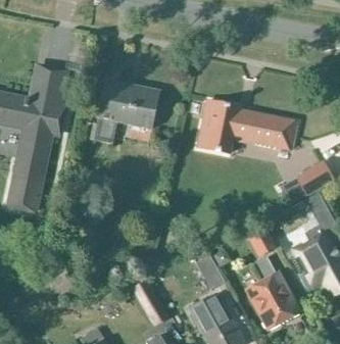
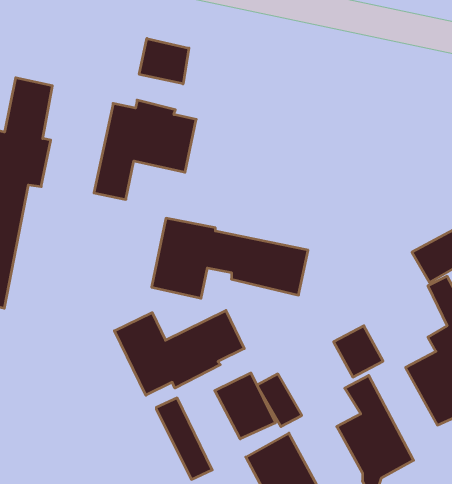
building: none -> [139,38,189,84]
building: [196,100,296,151] -> [152,218,308,298]
building: none -> [114,310,244,395]
building: none -> [215,373,275,439]

